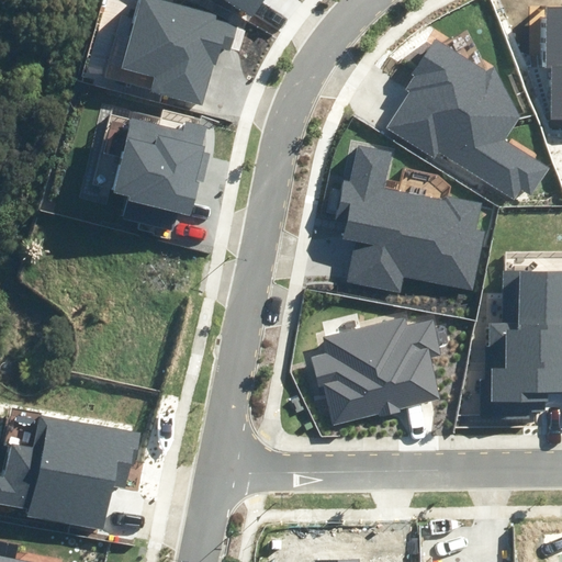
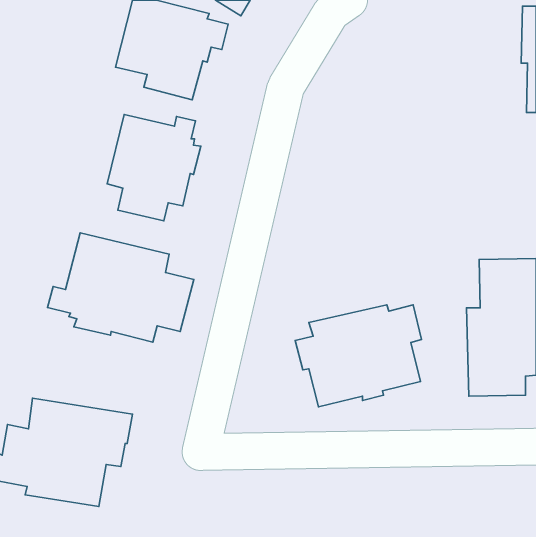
building: [386,38,549,200] -> none
building: [334,144,485,294] -> none
building: none -> [48,233,194,342]

